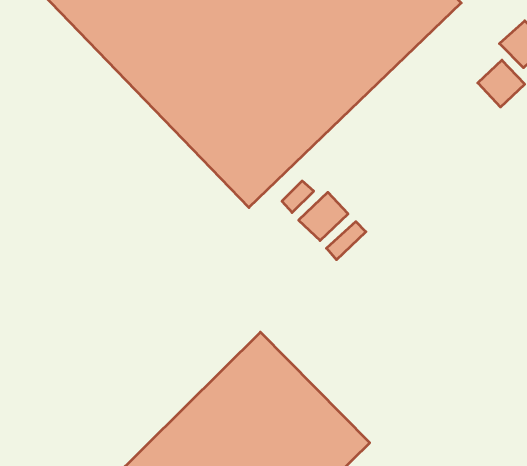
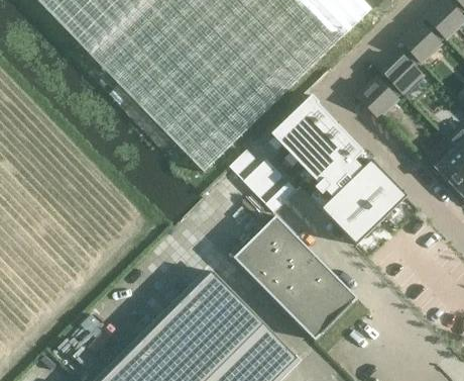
building: none -> [359,79,397,116]
building: none -> [274,99,410,243]
building: none -> [234,215,357,340]

